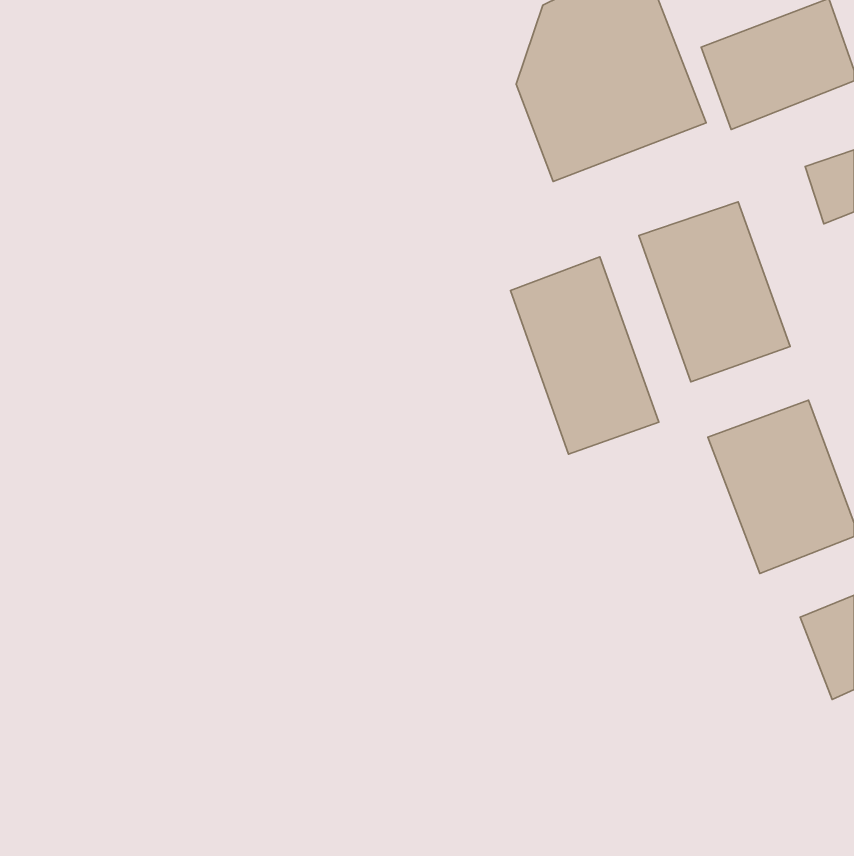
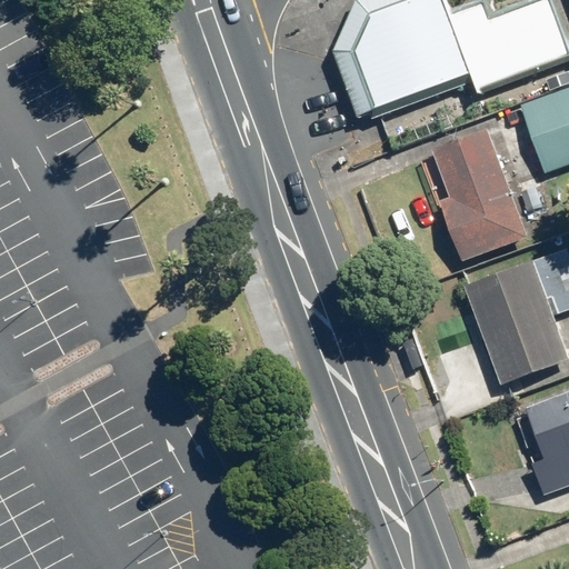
building: [511,257,659,454] -> none

